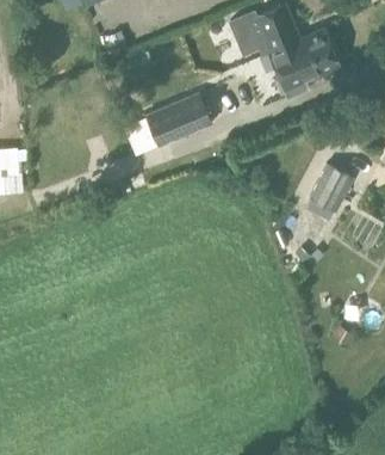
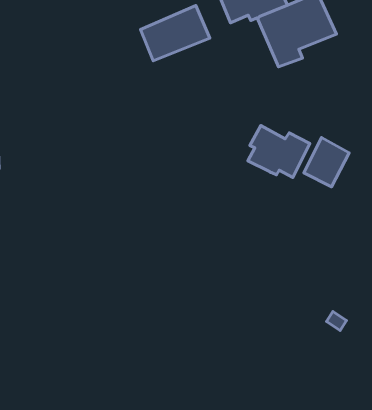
building: [145,94,211,147] -> [140,5,210,61]
building: none -> [248,126,310,177]

